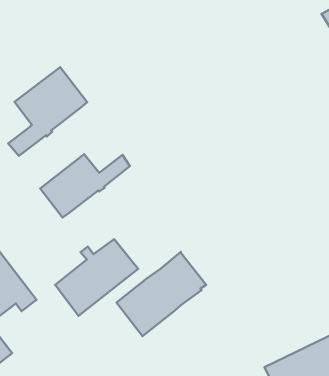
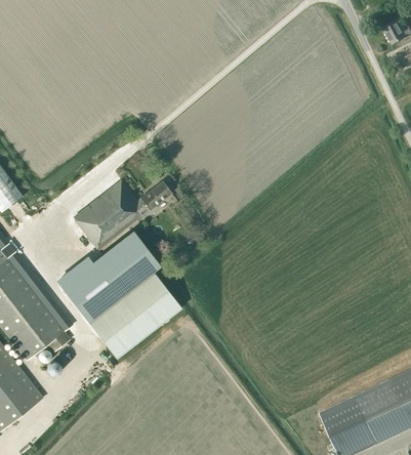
building: [8,67,87,156] -> none
building: [116,252,206,336] -> [61,230,160,322]

